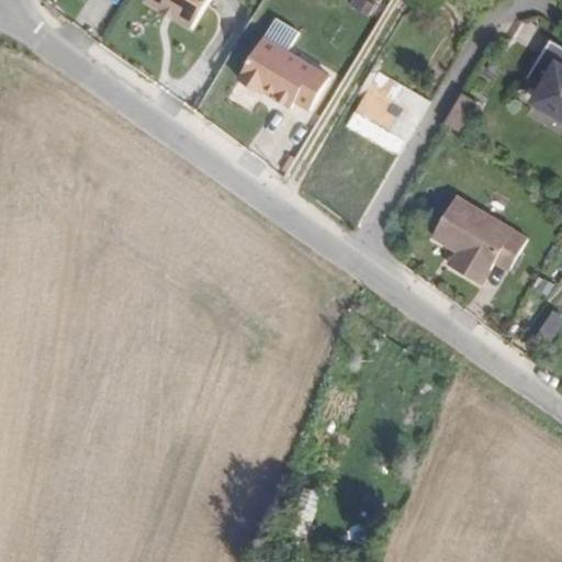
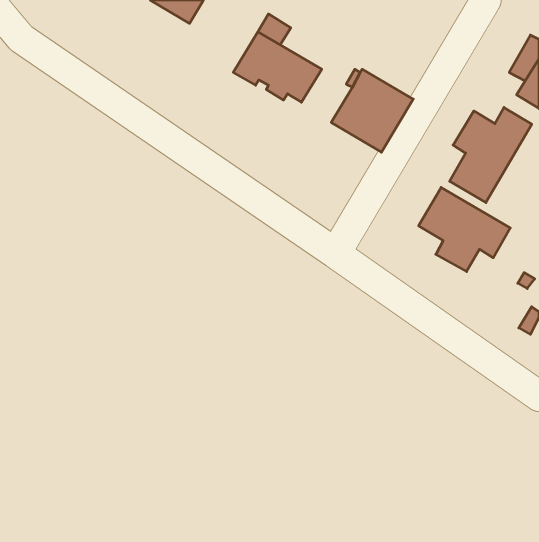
building: none -> [450,107,532,203]

